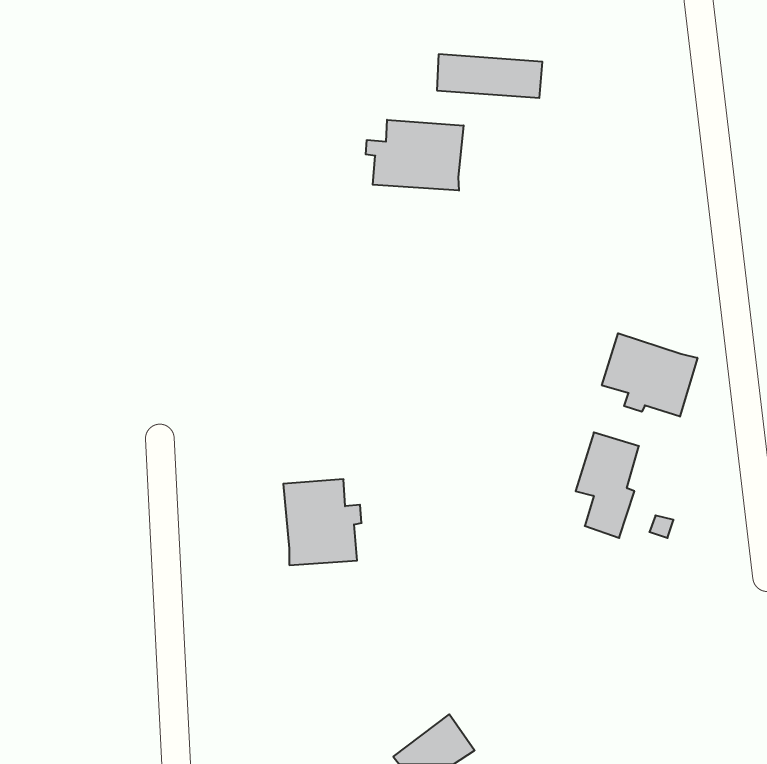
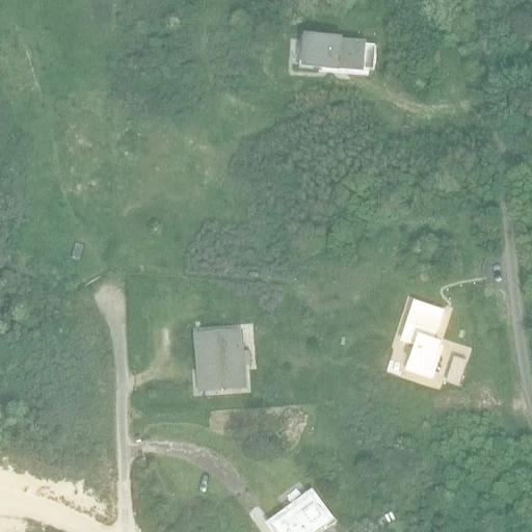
building: [366,120,464,191] -> none
building: [602,333,697,417] -> none

